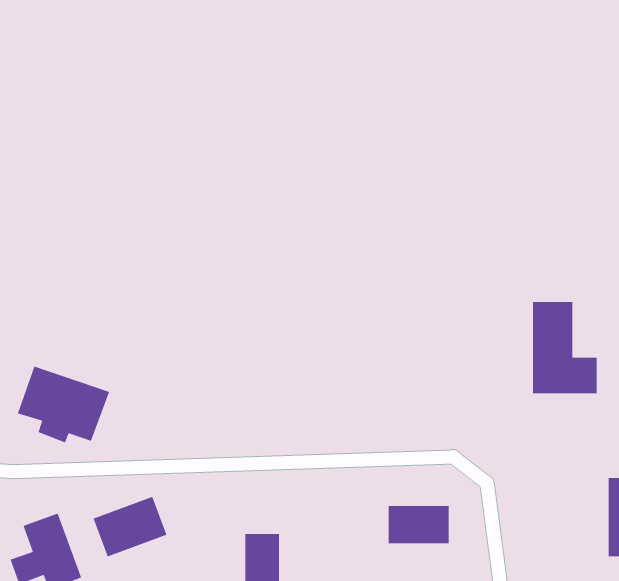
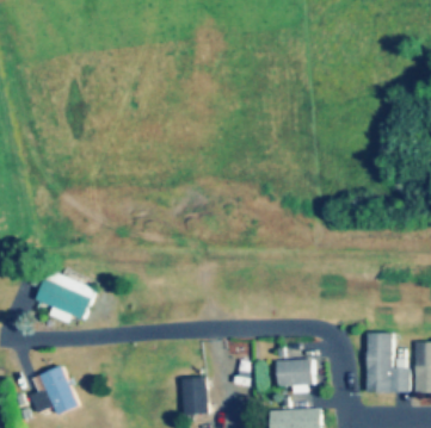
building: [532,301,598,394] -> [367,333,408,392]
building: [93,496,167,557] -> none

